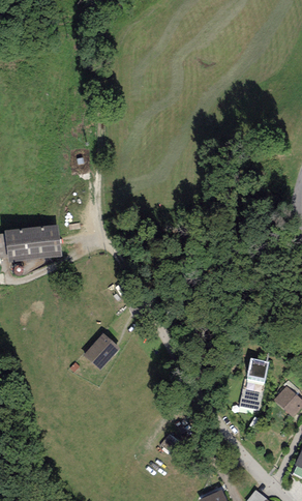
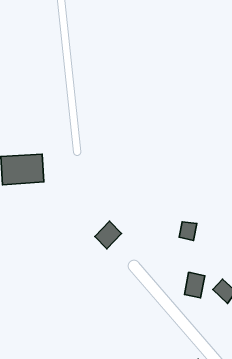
building: [85,332,119,367] -> [95,221,122,249]
building: [246,357,269,381] -> [179,222,197,240]

